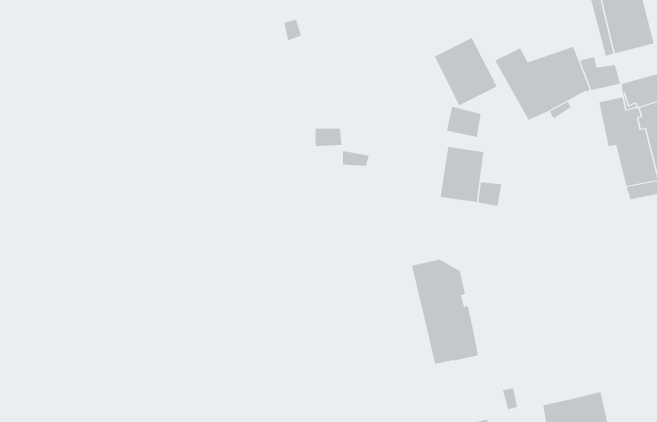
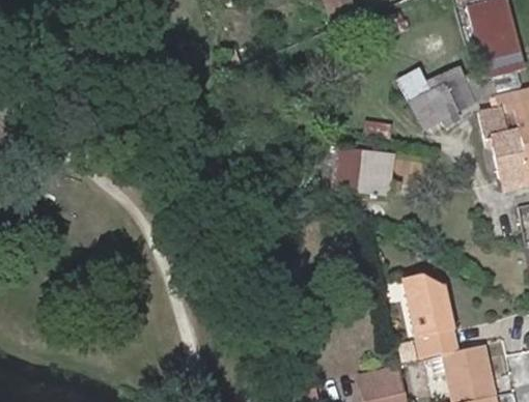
building: [434,37,498,106] -> none
building: none -> [328,146,358,190]
building: [411,259,479,365] -> [401,274,455,357]

